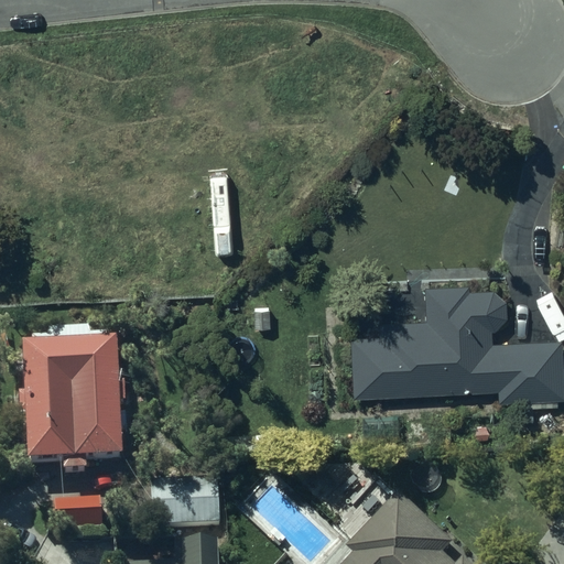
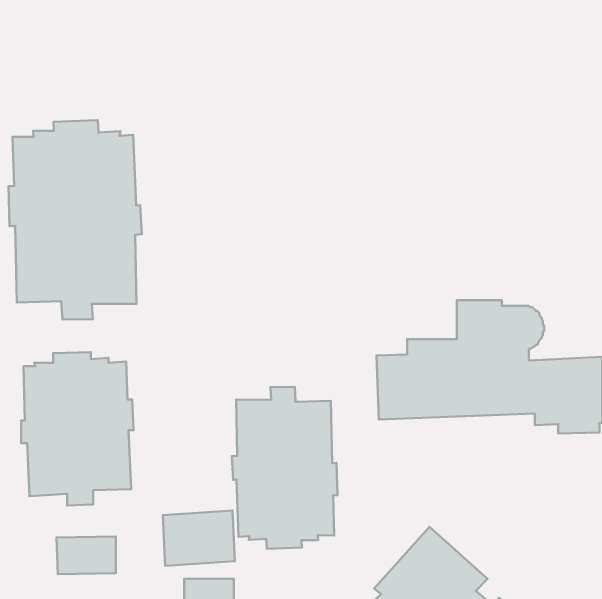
building: none -> [9,120,142,320]
building: none -> [232,387,337,549]

